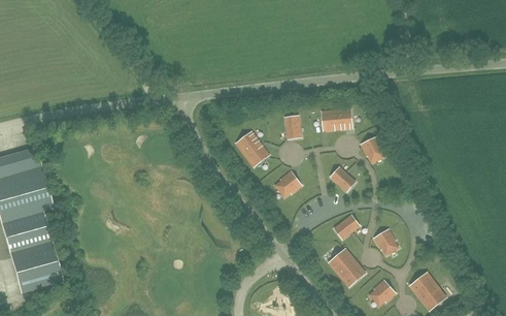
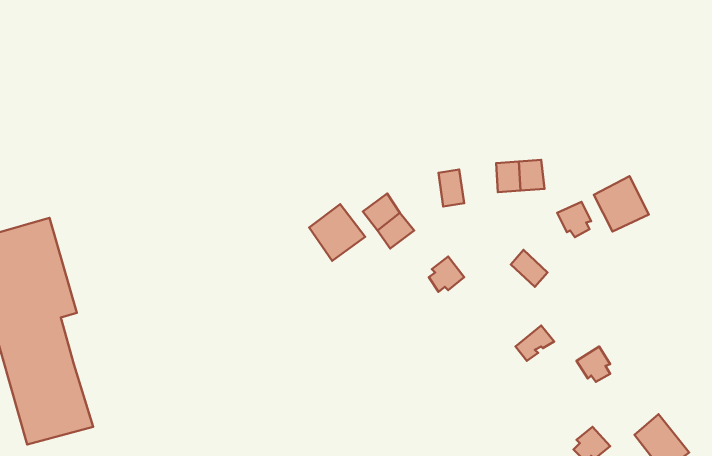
building: none -> [594,176,649,231]
building: none -> [309,204,365,261]
building: [329,250,364,286] -> none

